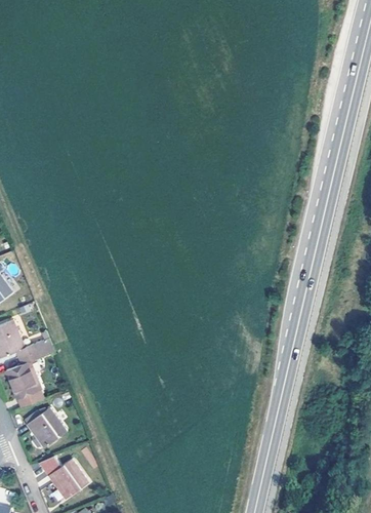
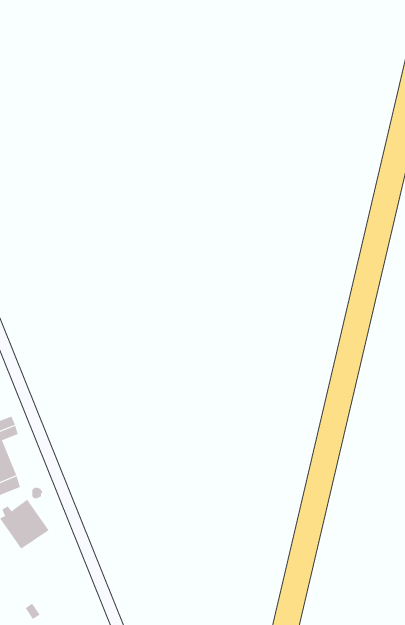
building: [49,460,88,499] -> none

